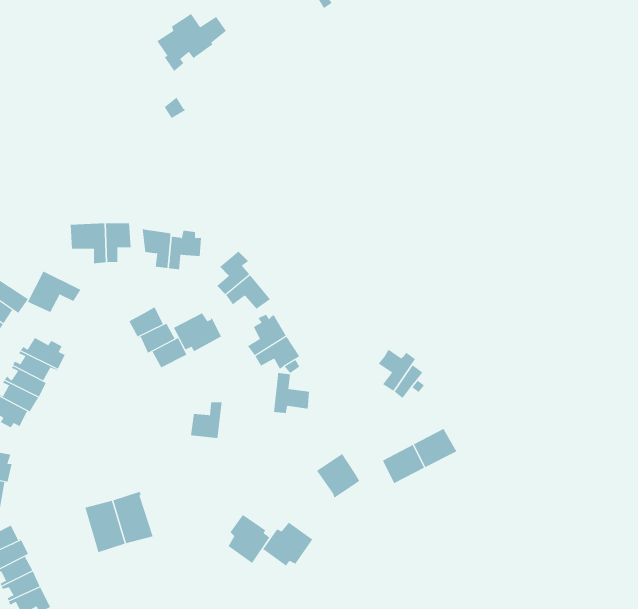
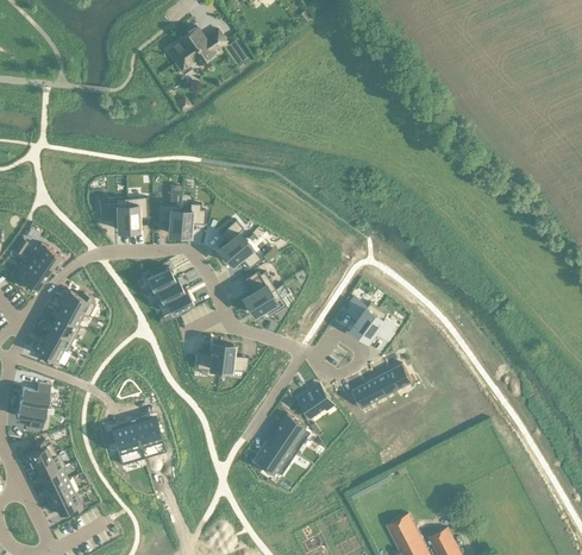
building: [27,269,81,313] -> none
building: [173,312,222,352] -> none
building: [273,373,310,414] -> [218,342,248,376]
building: [228,514,270,564] -> [275,414,309,454]

